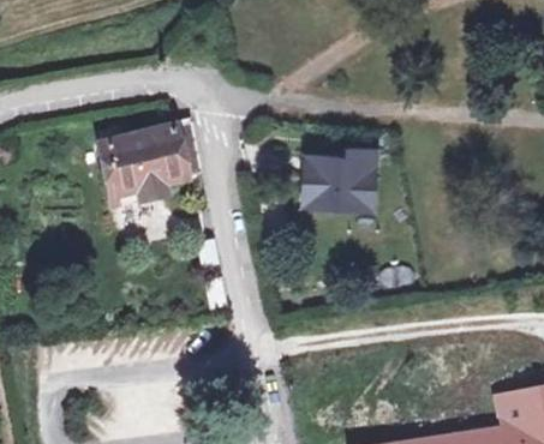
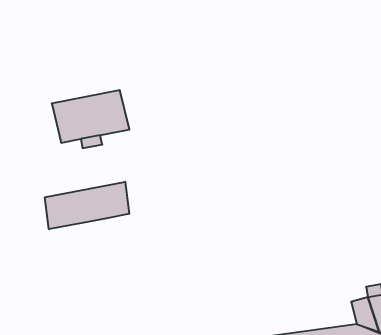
building: [304,150,376,208] -> none
building: none -> [45,182,129,229]

